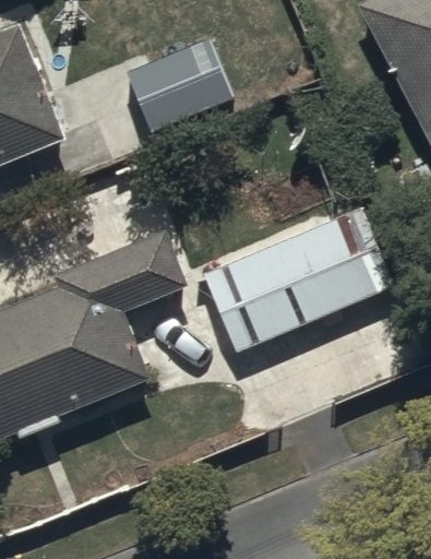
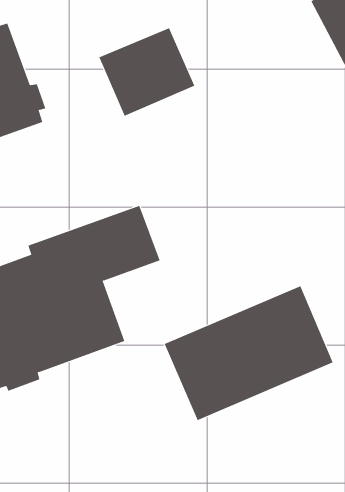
building: [202,202,390,352] -> [164,286,333,421]

